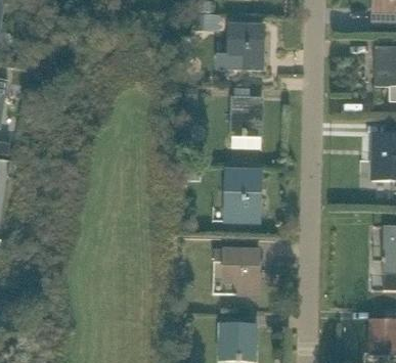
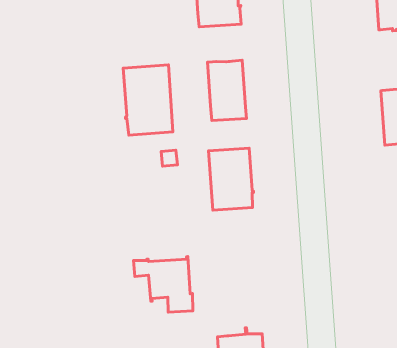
building: none -> [123,65,173,135]
building: [213,247,259,293] -> [133,257,193,312]

